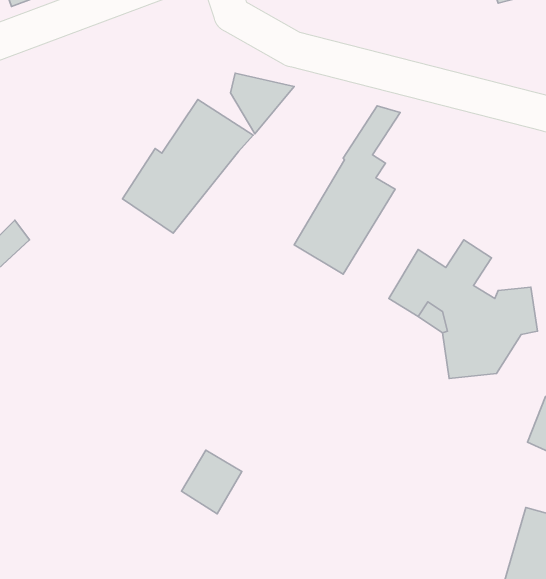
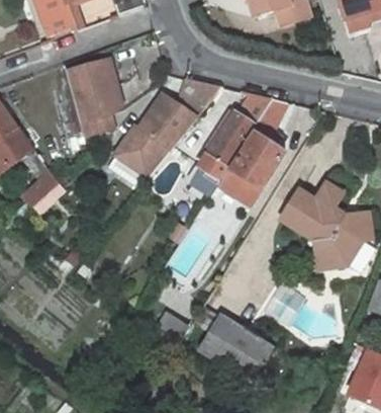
building: none -> [67,62,120,137]
building: none -> [191,93,273,195]
building: none -> [200,311,274,380]

